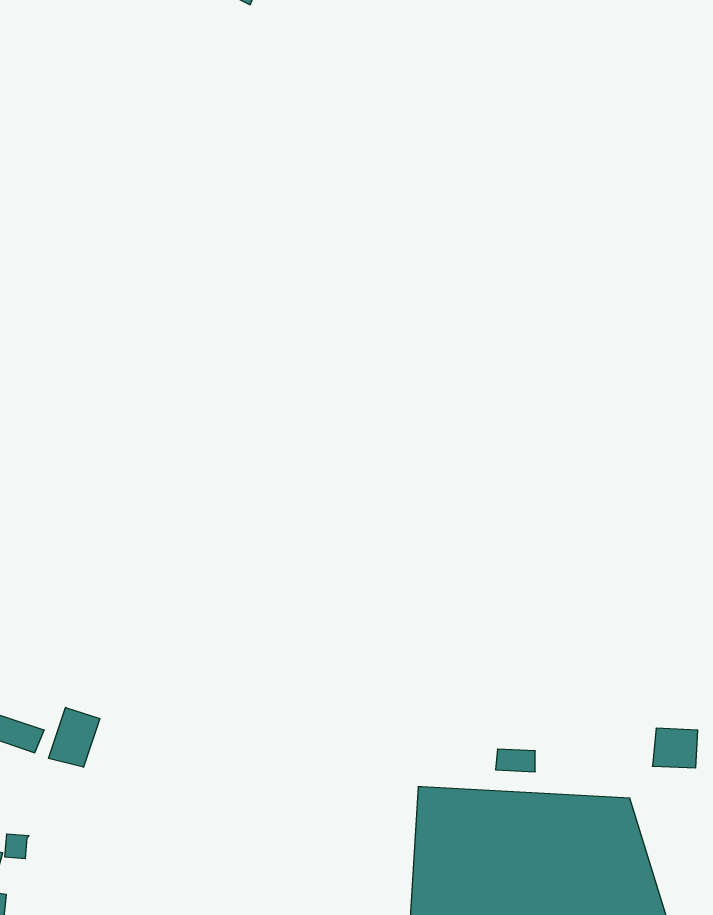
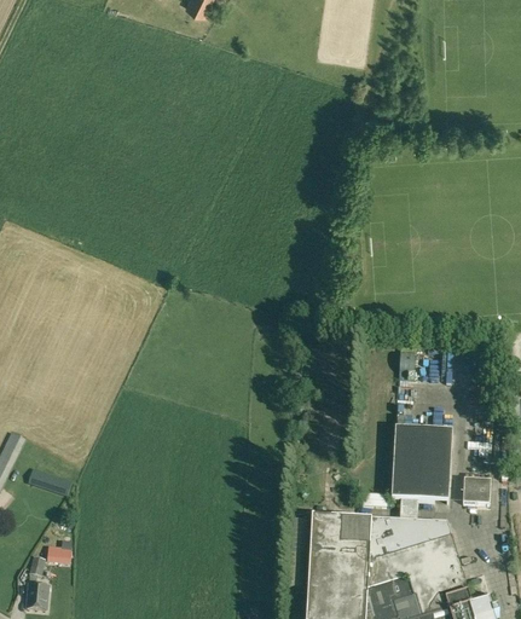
building: none -> [390,428,452,502]
building: [49,707,100,767] -> none

